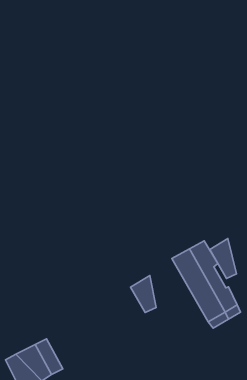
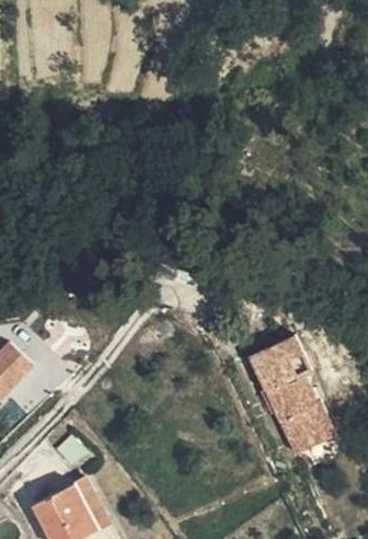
building: [210,239,237,278] -> none
building: [131,275,156,313] -> none

